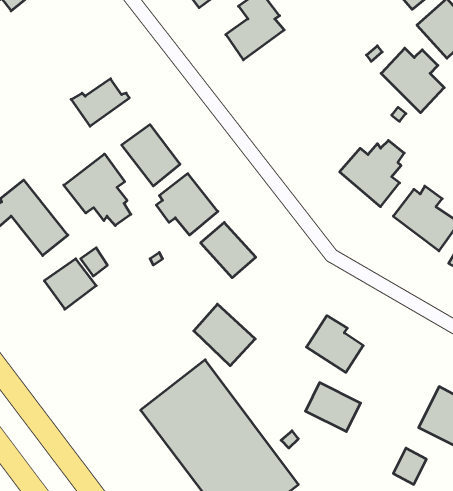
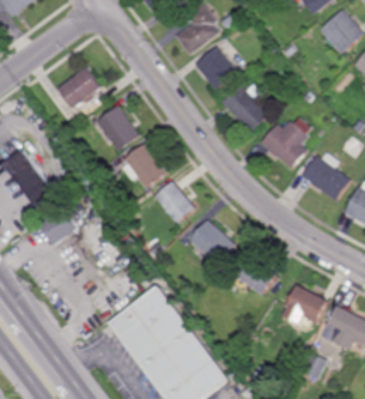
building: none -> [194,47,236,90]
building: [381,48,444,113] -> [220,83,268,132]
building: [64,154,131,226] -> none
building: [194,304,255,366] -> [190,218,237,265]
building: [305,383,361,432] -> [287,284,329,321]

